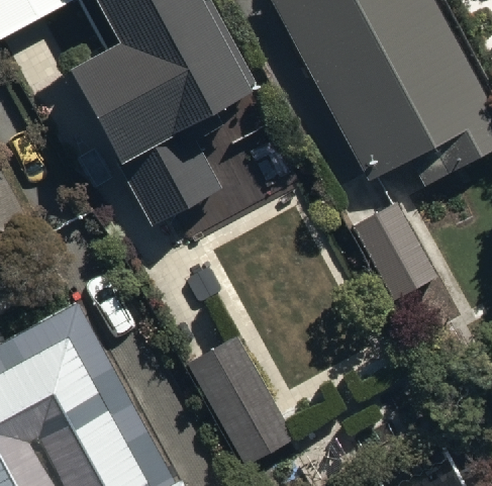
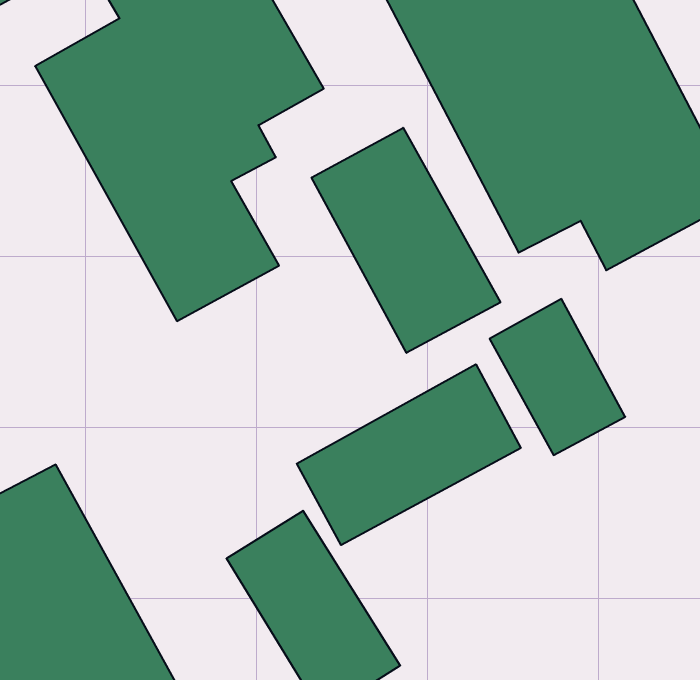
building: none -> [312,128,500,353]
building: none -> [297,364,521,545]

